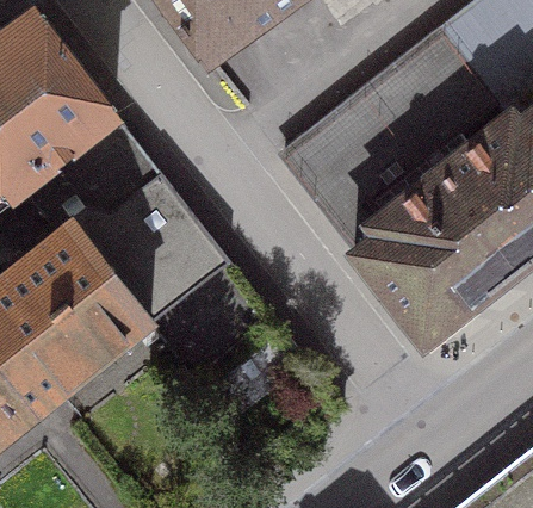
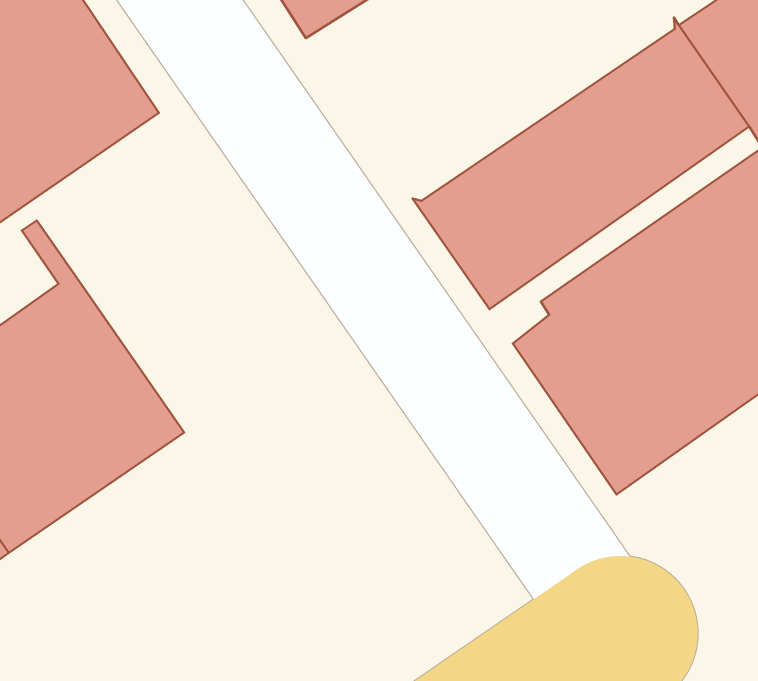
building: [38,128,225,323] -> none

